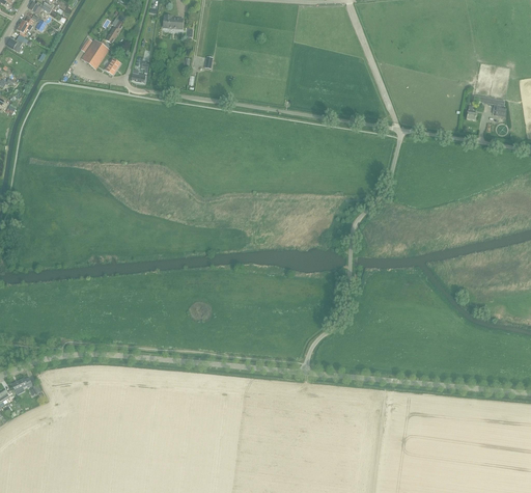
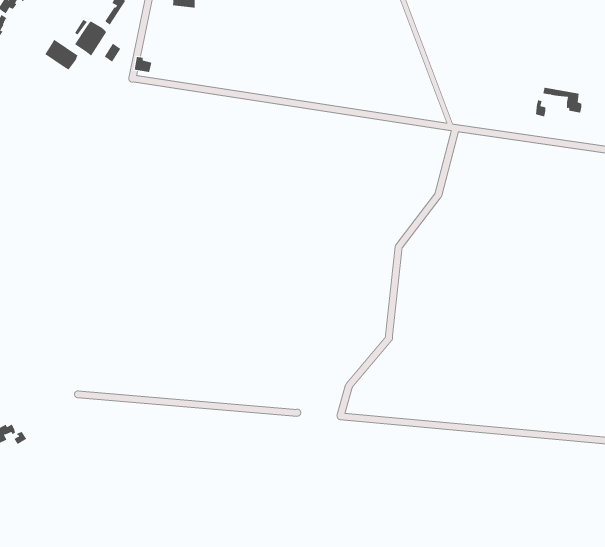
building: none -> [44,39,79,70]

